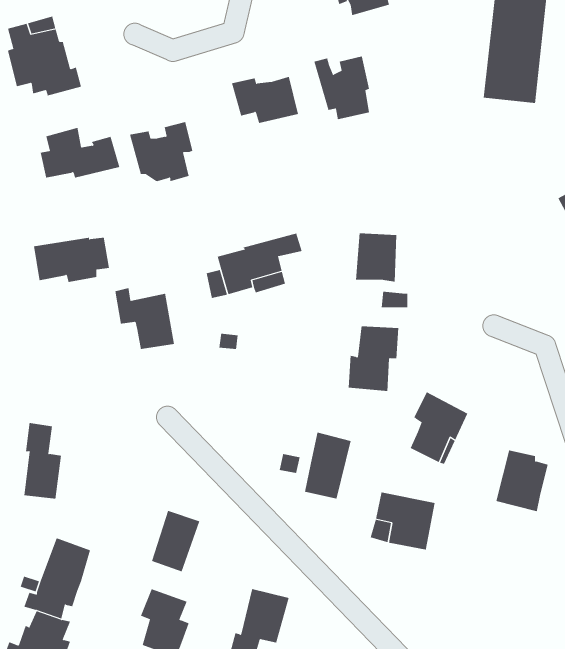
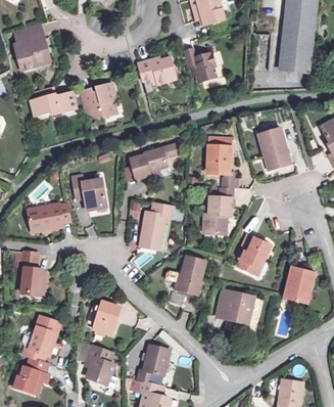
building: none -> [258,129,290,169]
building: [33,237,110,283] -> [28,205,70,230]
building: none -> [140,204,173,250]

